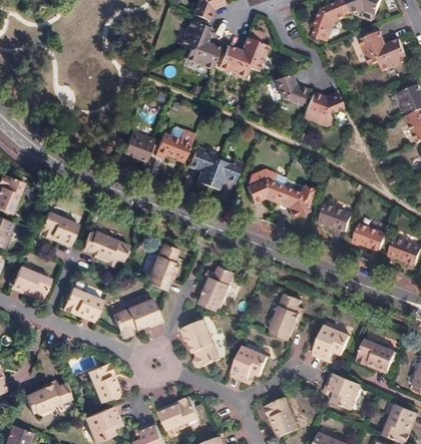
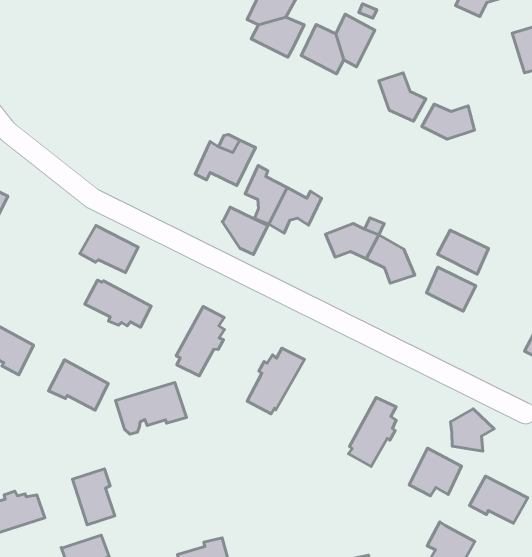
building: [118,127,149,159] -> none
building: none -> [222,207,268,255]
building: [40,213,79,244] -> [80,225,138,273]
building: [349,221,383,250] -> [438,230,488,274]
building: none -> [450,409,494,451]
building: [186,322,224,368] -> none
building: [235,347,271,379] -> none

